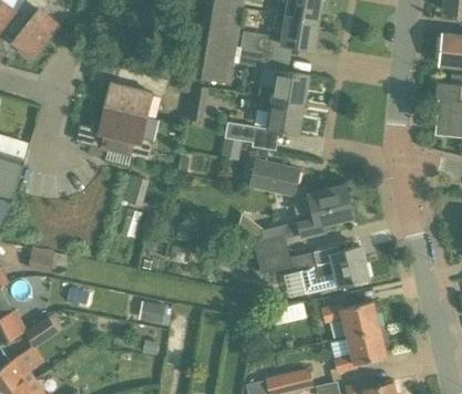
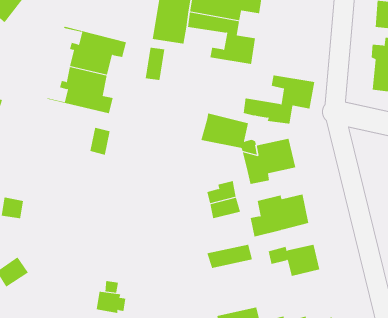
building: [224,96,304,151] -> [243,75,315,124]
building: [137,301,171,325] -> [96,291,126,314]
building: [333,329,386,373] -> none

